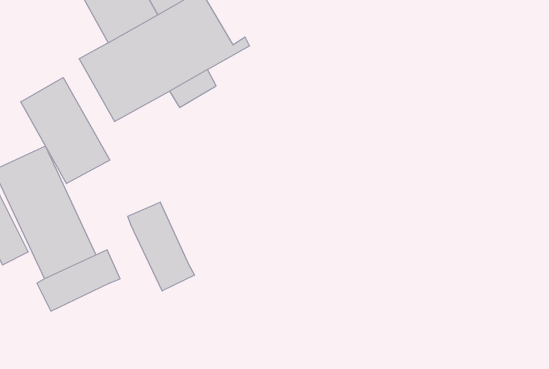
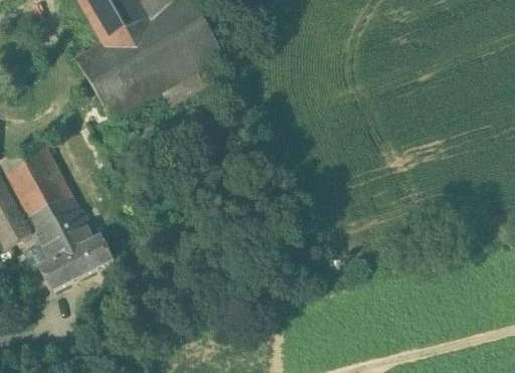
building: [21,78,110,184] -> none
building: [128,202,195,291] -> none

